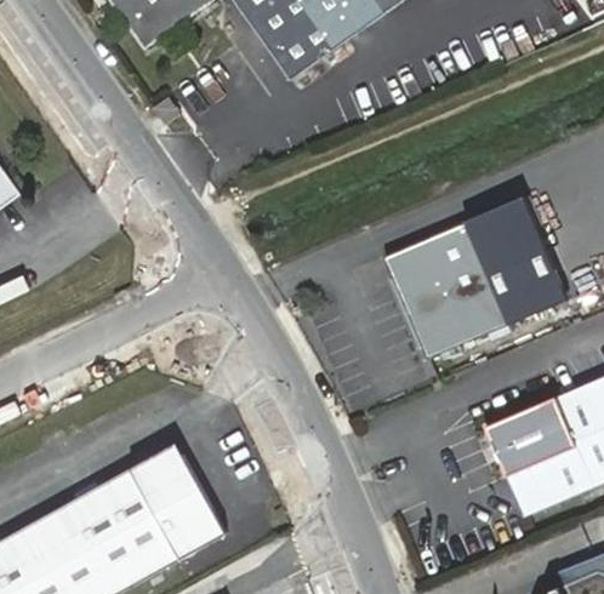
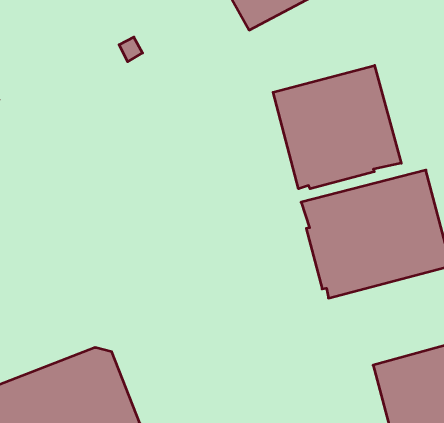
building: none -> [273,65,401,189]

